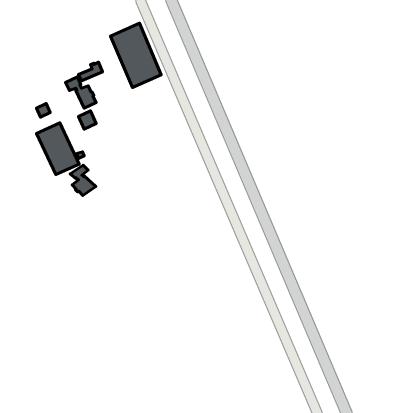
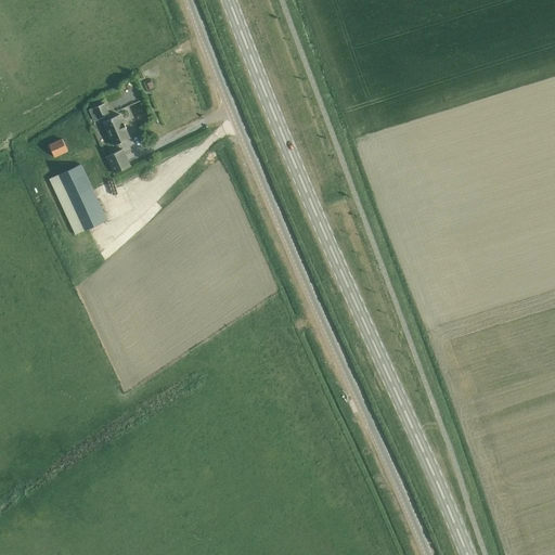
building: [111,23,161,88] -> none
building: [70,165,96,196] -> none

